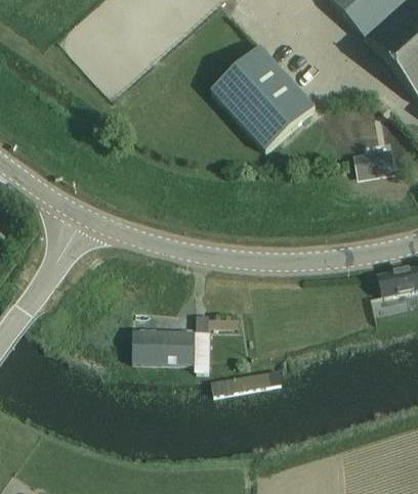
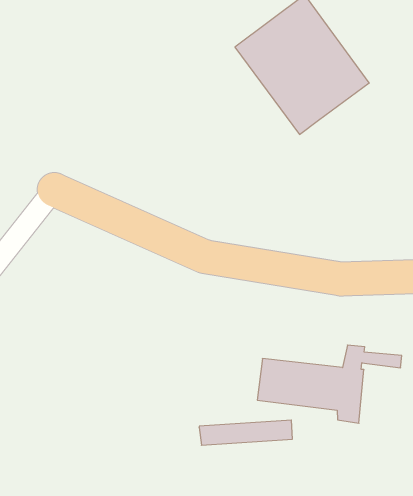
building: [133,314,240,372] -> [257,345,402,423]

